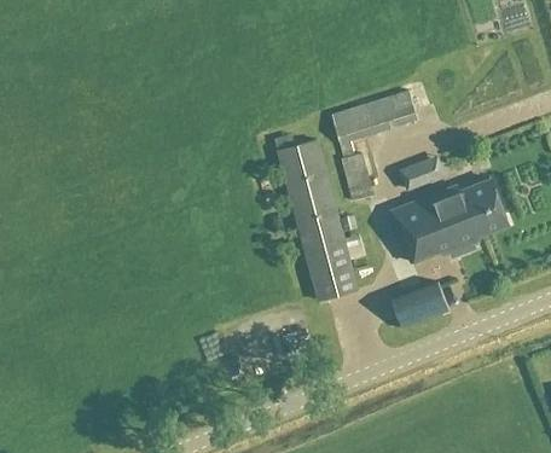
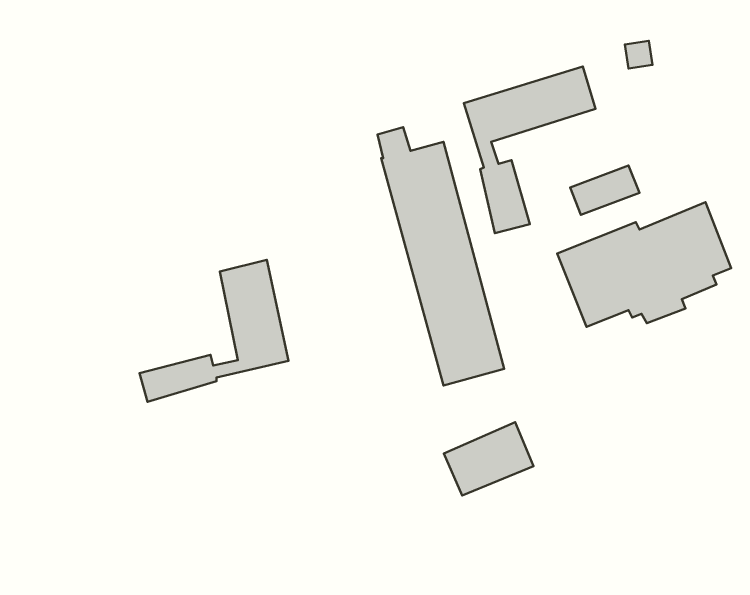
building: none -> [140,260,288,402]
building: [390,279,450,327] -> [444,422,534,496]

